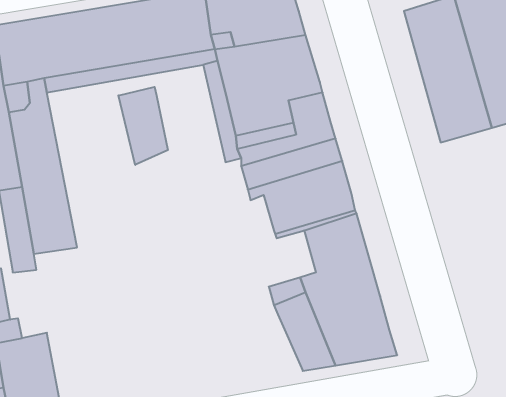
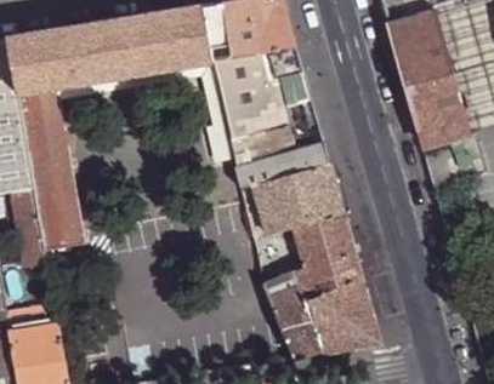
building: [118,87,168,165] -> none

